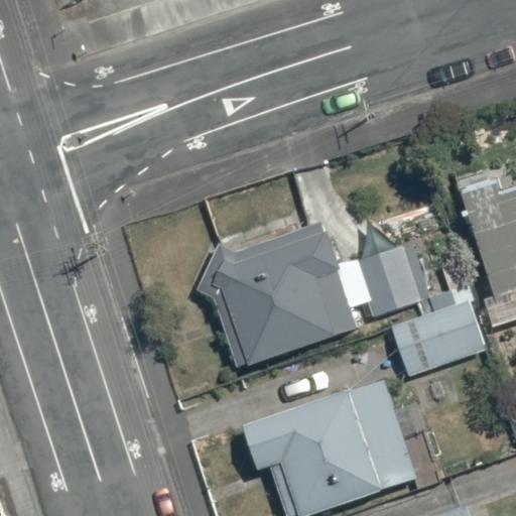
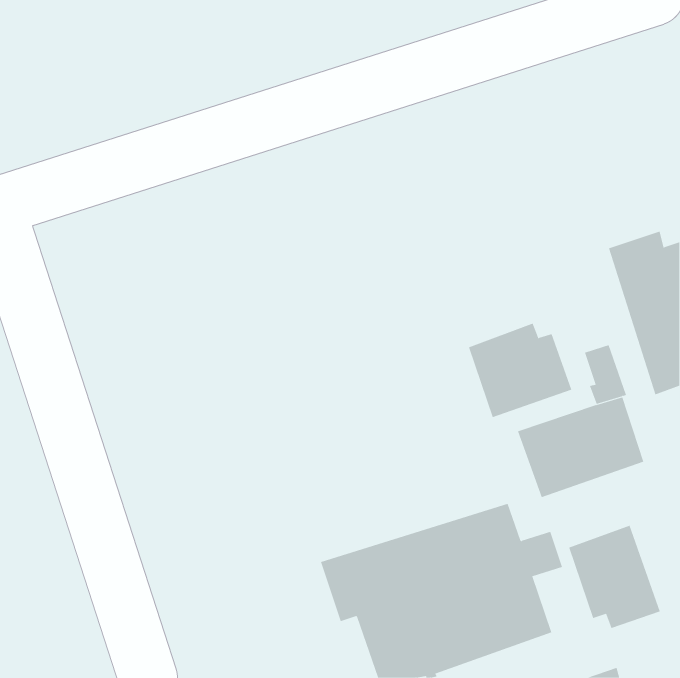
building: [197,221,360,370] -> none
building: none -> [569,525,660,629]

